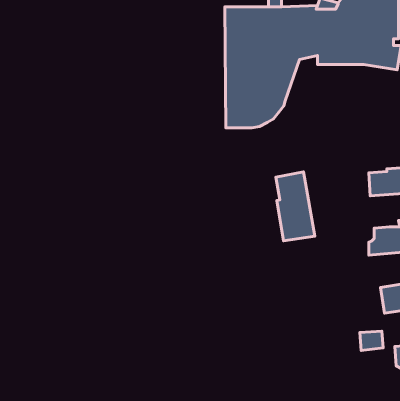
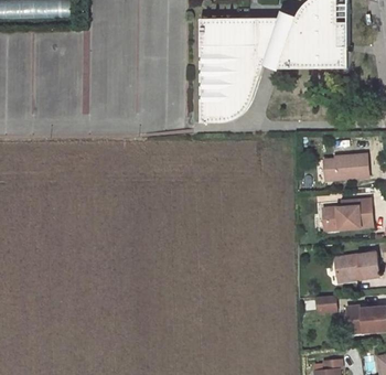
building: [276,172,315,241] -> none

